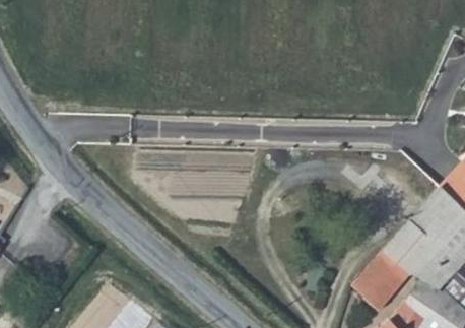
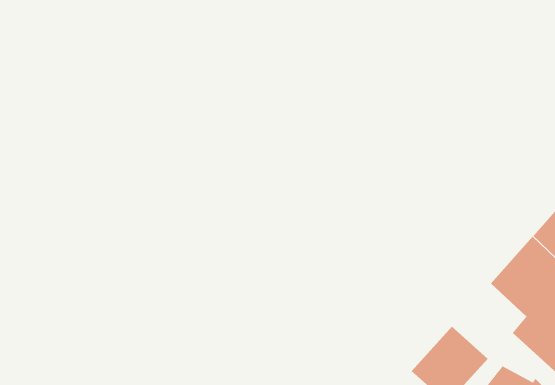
building: [381,220,436,276] -> none

